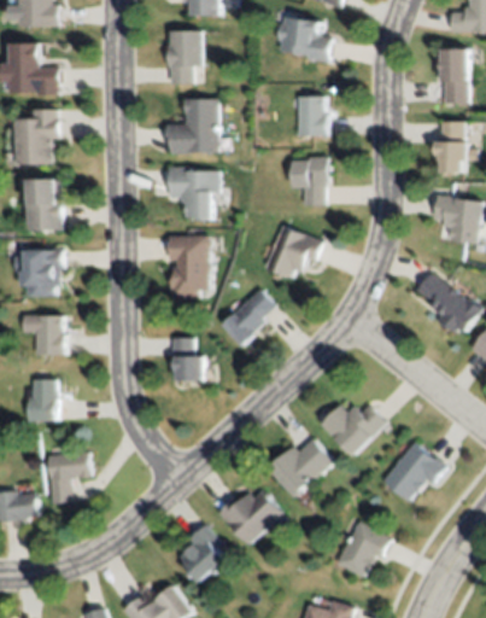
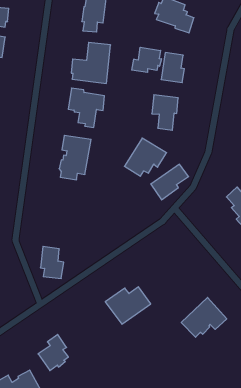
building: none -> [132,47,161,72]
building: [223,290,276,345] -> [151,164,189,200]
building: [170,338,204,381] -> [40,246,64,278]
building: [320,404,386,457] -> none
building: [217,491,282,546] -> none
building: [334,521,388,576] -> none

